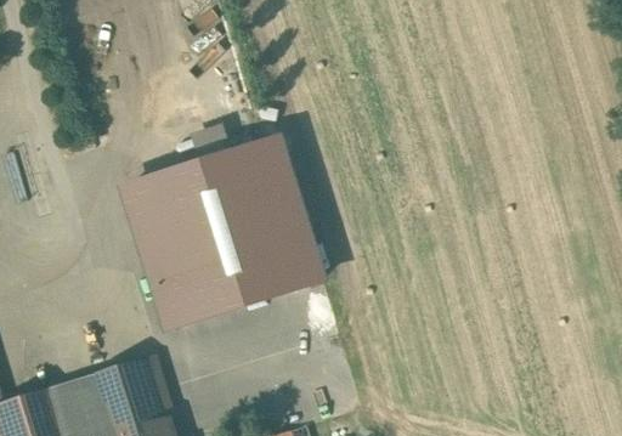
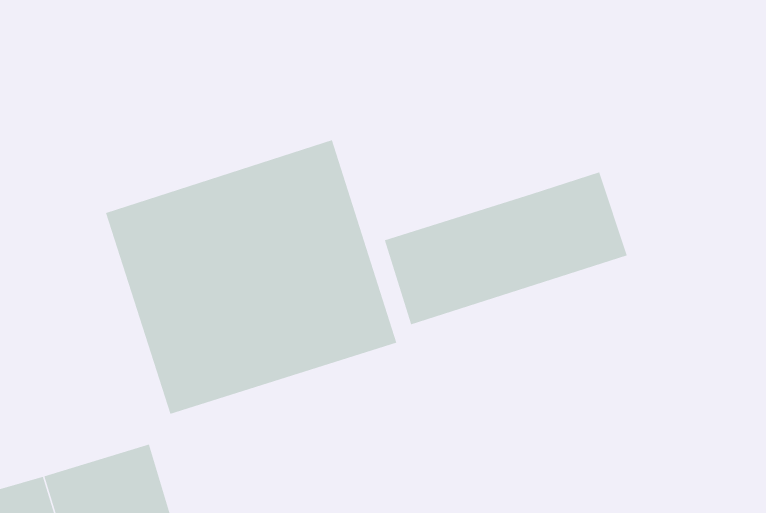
building: none -> [384,171,627,325]

